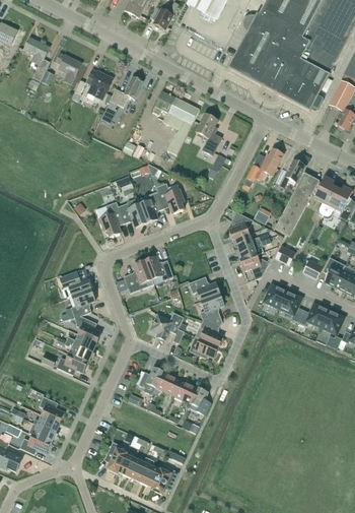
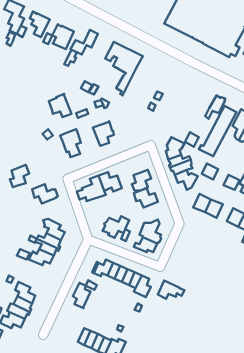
building: [195,113,221,154] -> none
building: [243,147,282,187] -> none
building: [155,183,184,213] -> none
building: [118,197,146,227] -> [49,94,71,117]
building: [70,288,94,317] -> [10,165,29,187]
building: [199,294,223,320] -> [132,170,151,191]
building: none -> [158,281,184,299]
building: [104,441,127,473] -> [73,283,91,308]

